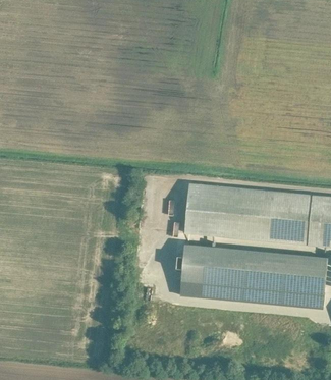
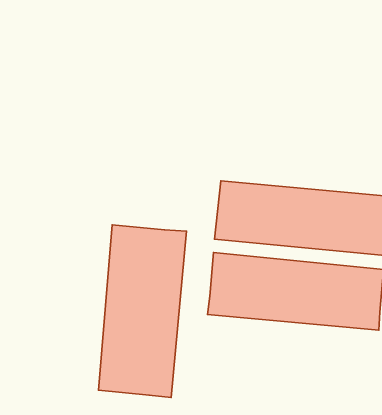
building: none -> [98,225,186,398]

